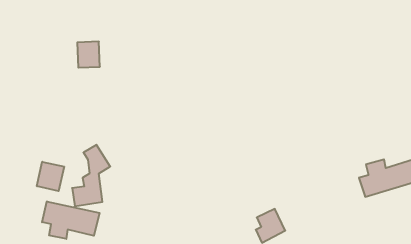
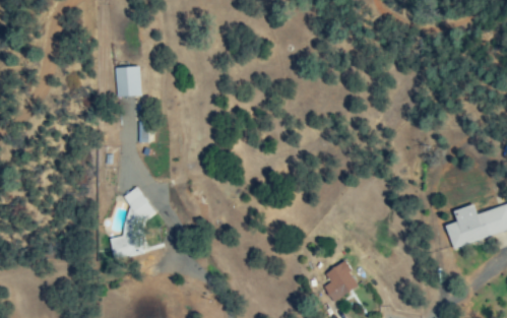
building: [37,162,64,191] -> none
building: [42,201,100,239] -> none

